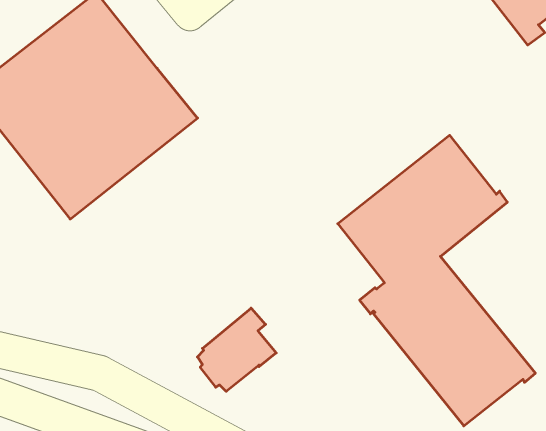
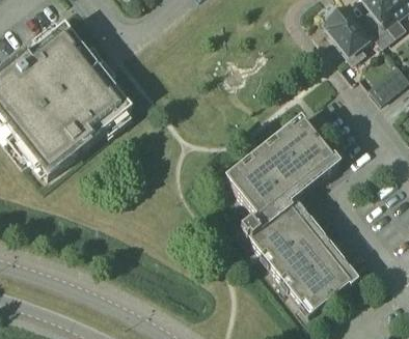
building: [197,308,276,391] -> none

